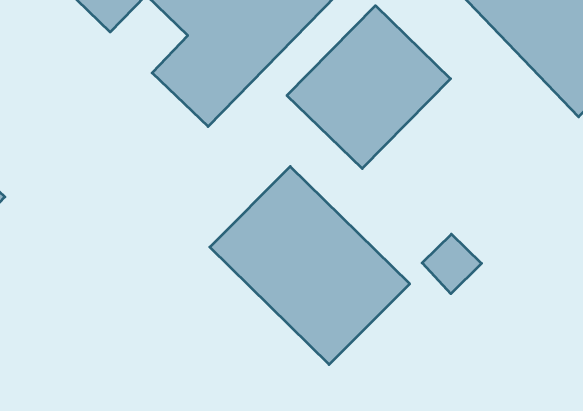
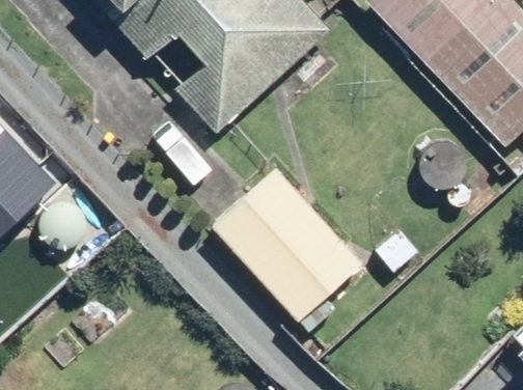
building: [287,6,451,169] -> none

